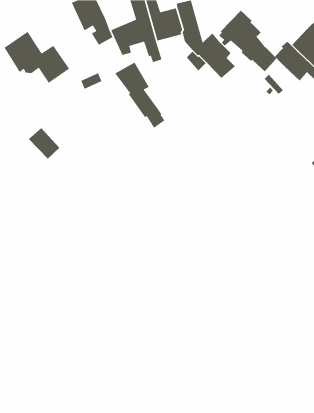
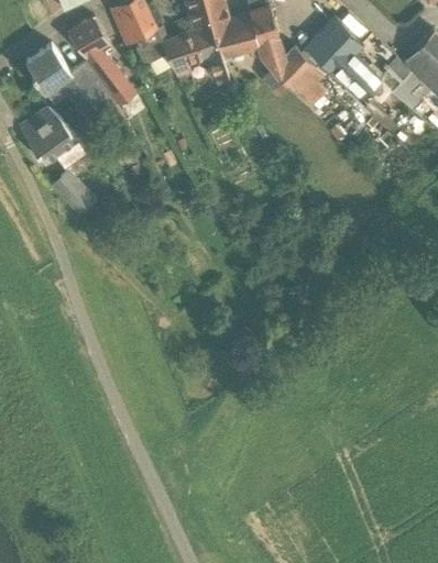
building: [114,61,166,129] -> [66,15,134,104]
building: none -> [20,107,85,168]

